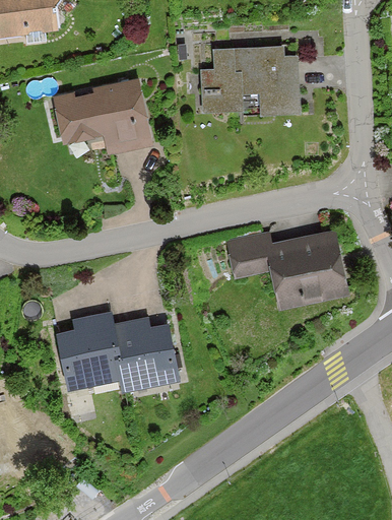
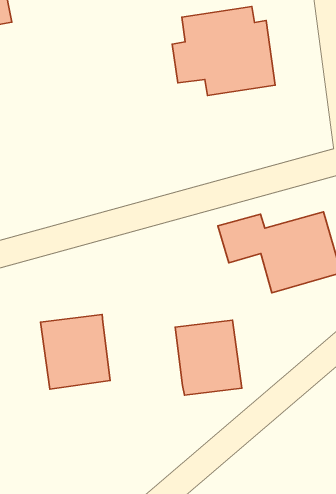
building: [54,72,152,153] -> none
building: [117,320,174,386] -> [175,320,242,395]

